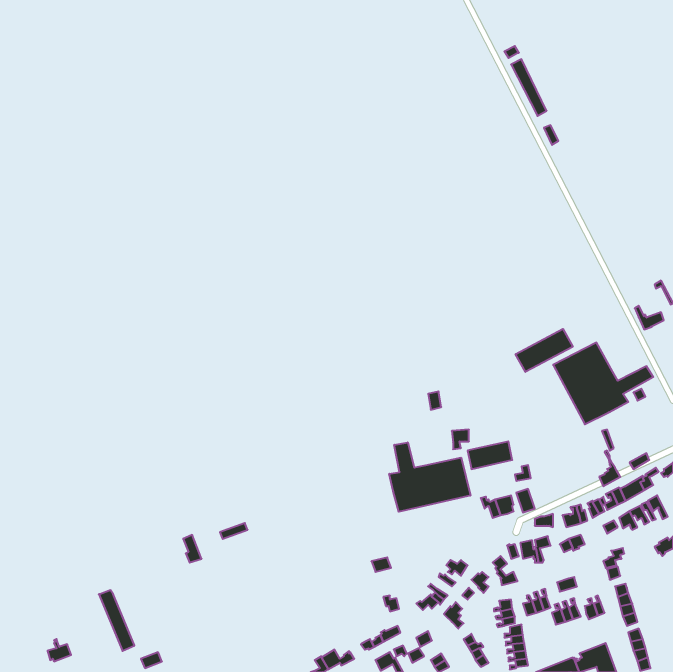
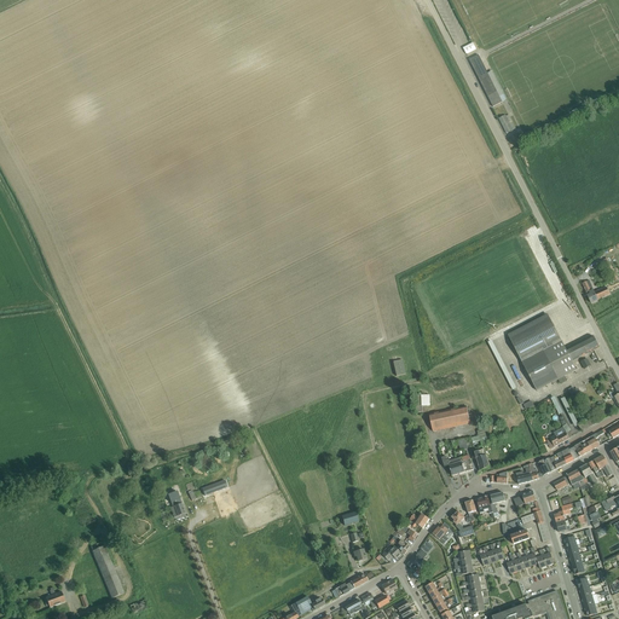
building: [516,329,573,372] -> none
building: [389,442,470,512] -> none

